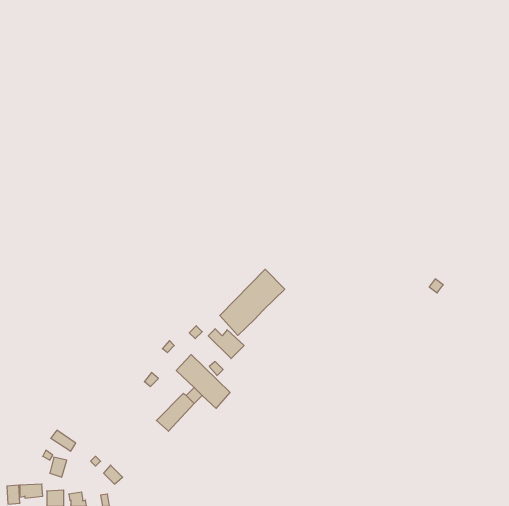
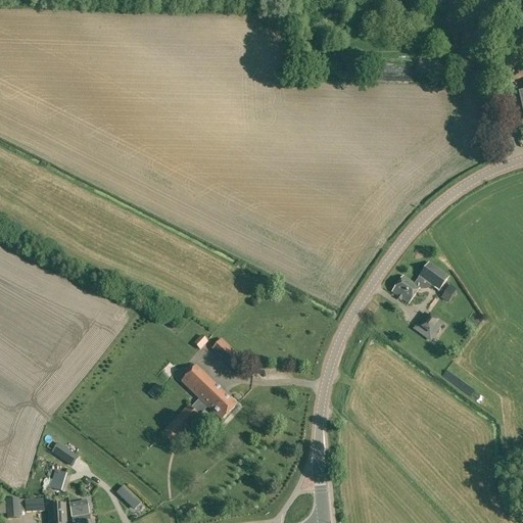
building: none -> [391,260,448,301]
building: [220,269,285,335] -> none
building: none -> [416,312,443,337]

